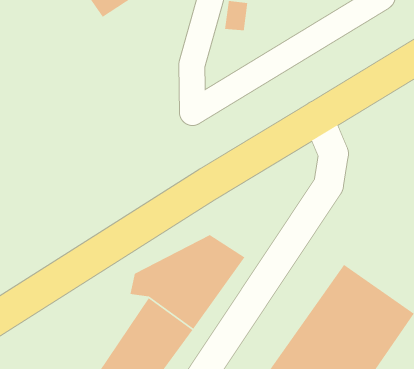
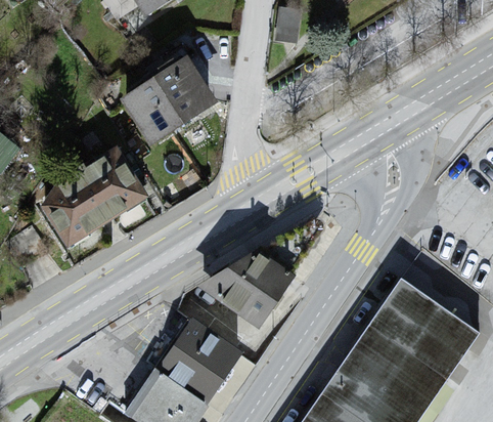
building: none -> [121,60,218,144]
building: none -> [49,152,149,245]

